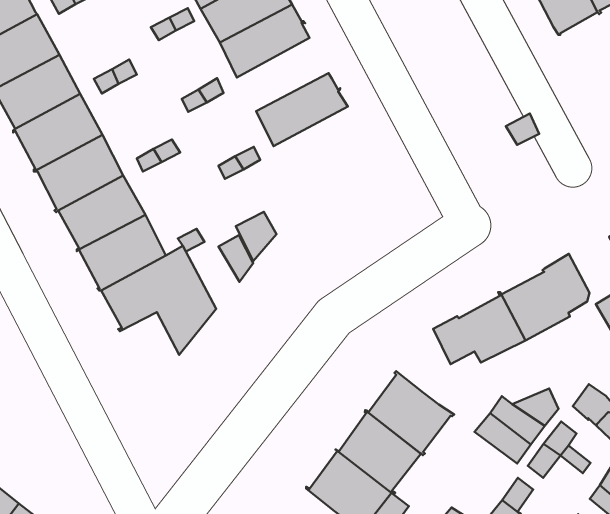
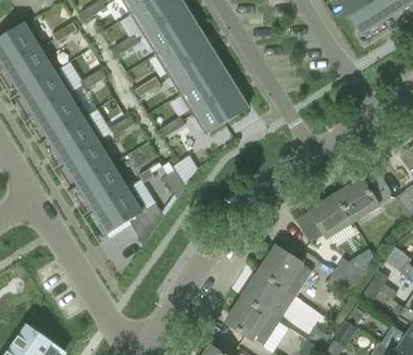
building: none -> [166,47,222,94]
building: none -> [191,87,247,135]

